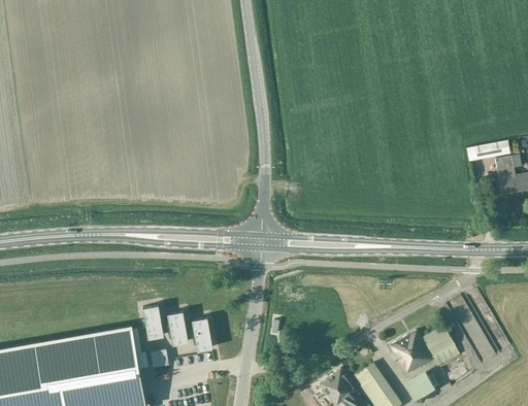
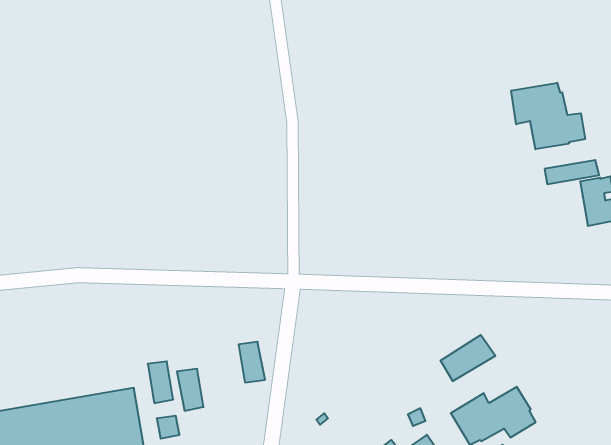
building: none -> [511,83,585,149]
building: none -> [441,335,495,381]
building: [192,318,213,351] -> [239,342,265,382]

